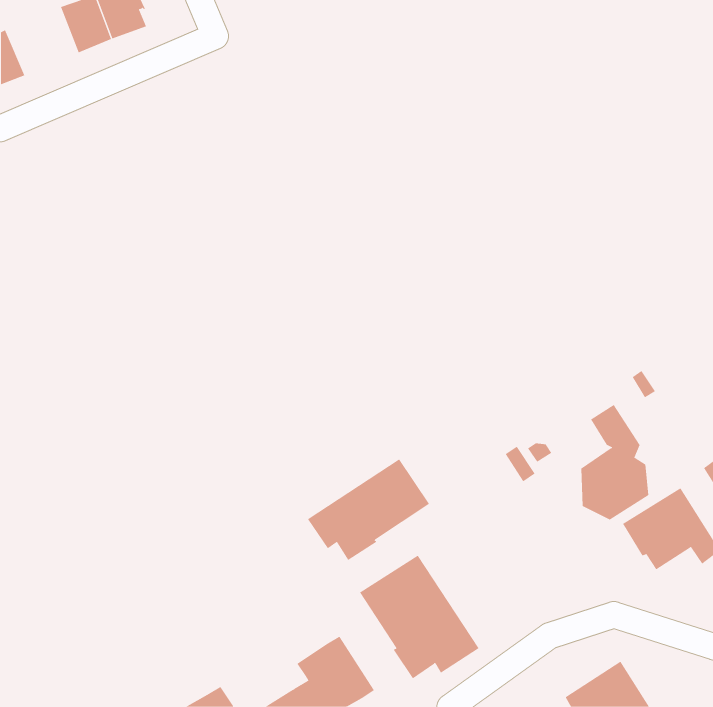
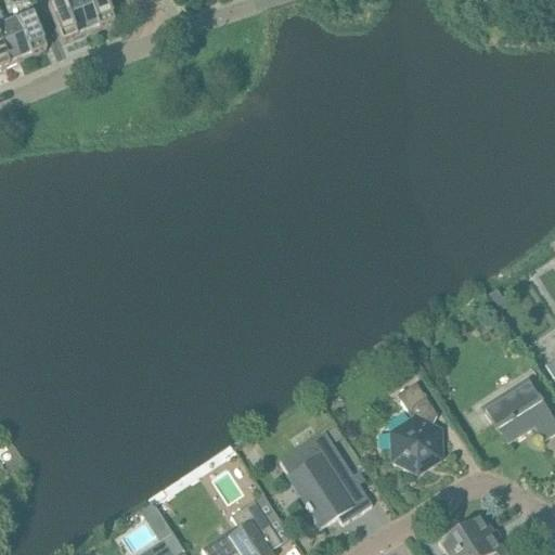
building: none -> [5,12,47,59]
building: [581,404,649,520] -> [390,380,443,470]
building: [307,459,430,561] -> none

